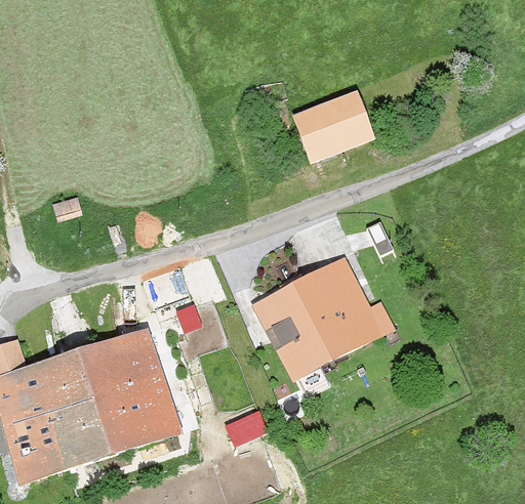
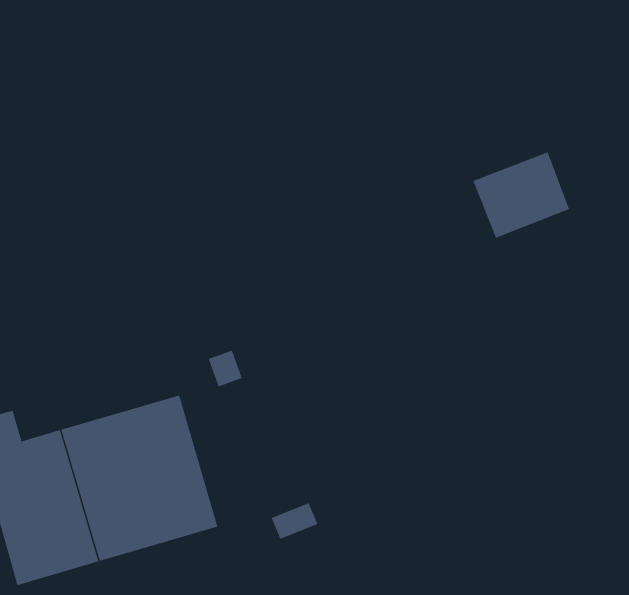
building: [292,92,370,162] -> [472,151,570,239]
building: [252,258,393,377] -> none

